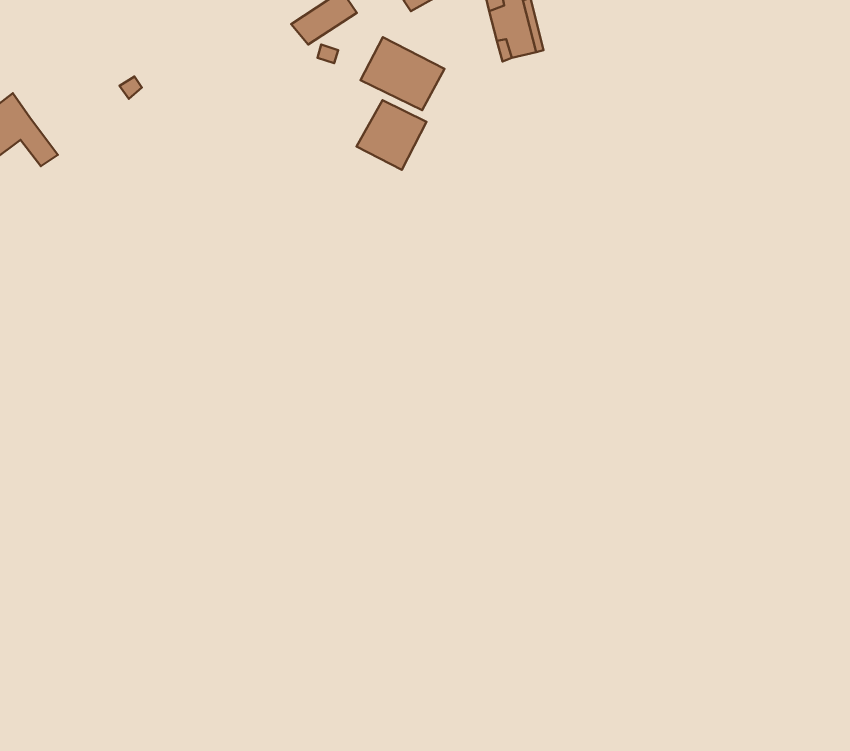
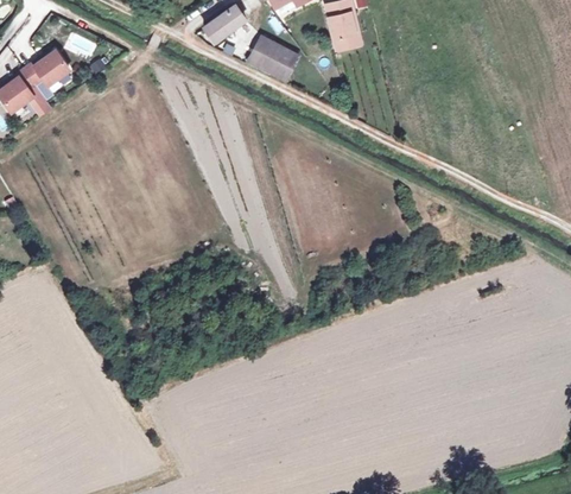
building: none -> [25,52,70,87]
building: [357,100,427,170] -> none

